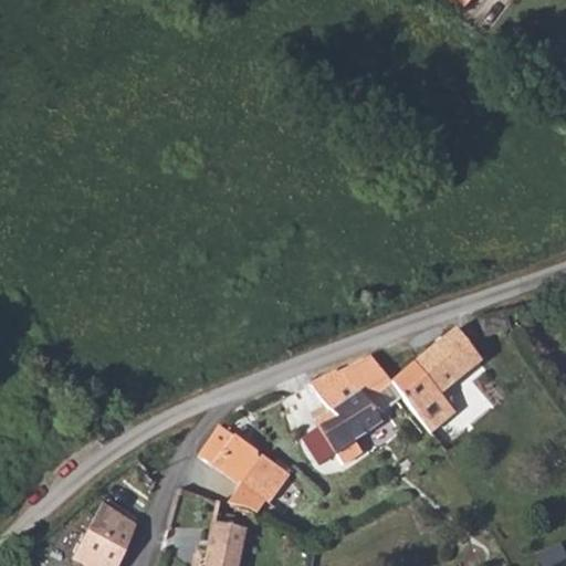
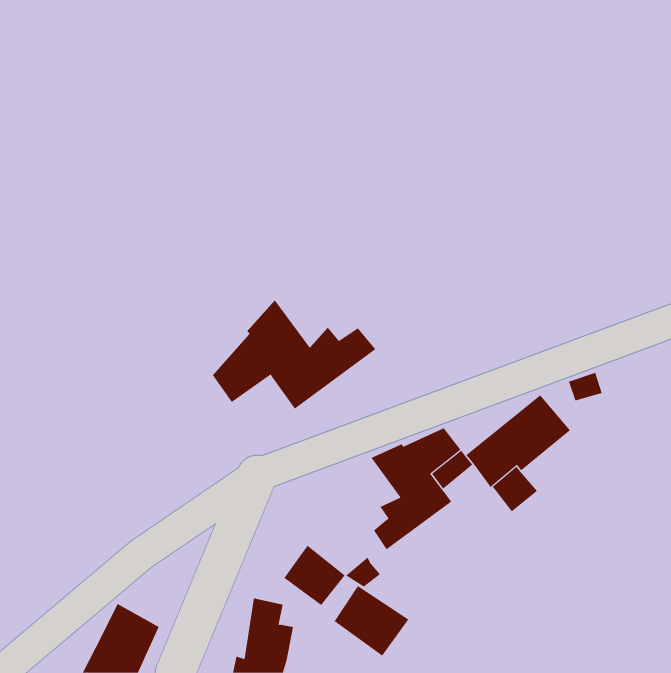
building: none -> [212,300,376,409]
building: [200,427,260,484] -> none
building: none -> [334,585,409,656]

